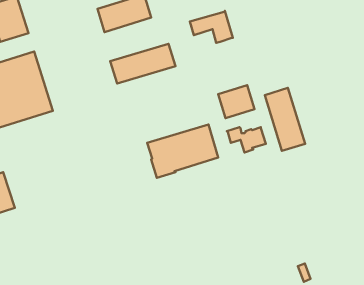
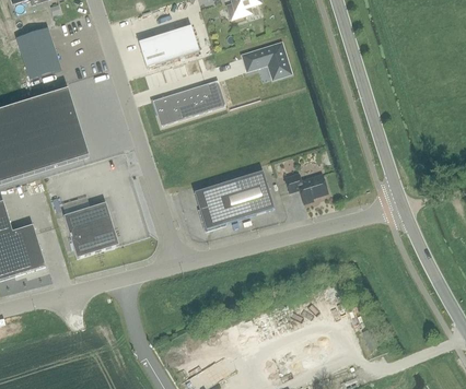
building: [218,85,255,118] -> none
building: [265,88,305,151] -> none
building: none -> [62,201,118,256]

